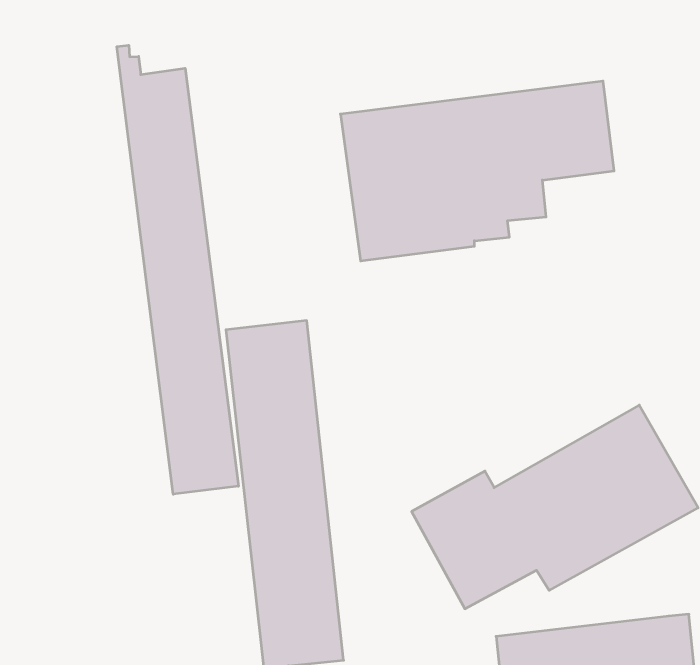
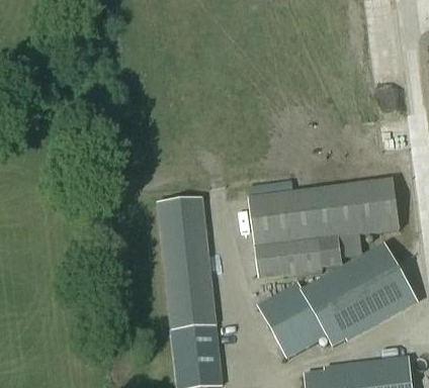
building: [117,45,238,494] -> none
building: [340,81,614,261] -> [249,179,400,278]

